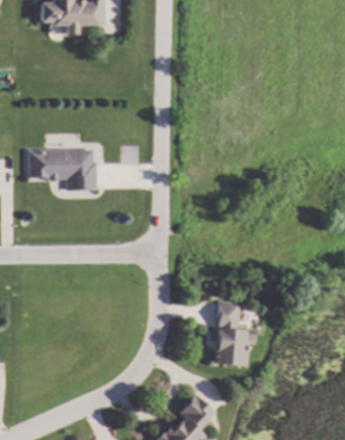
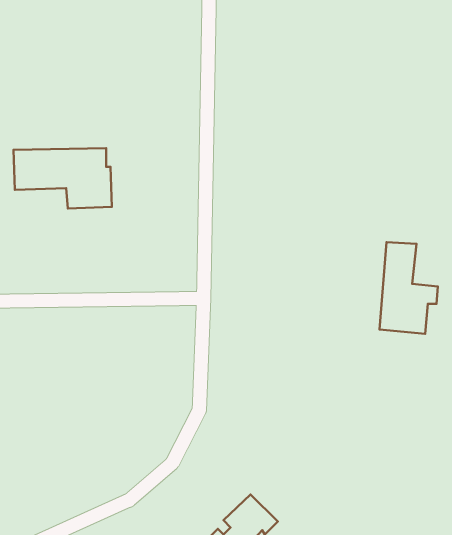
building: [212,299,254,364] -> [379,242,438,334]

